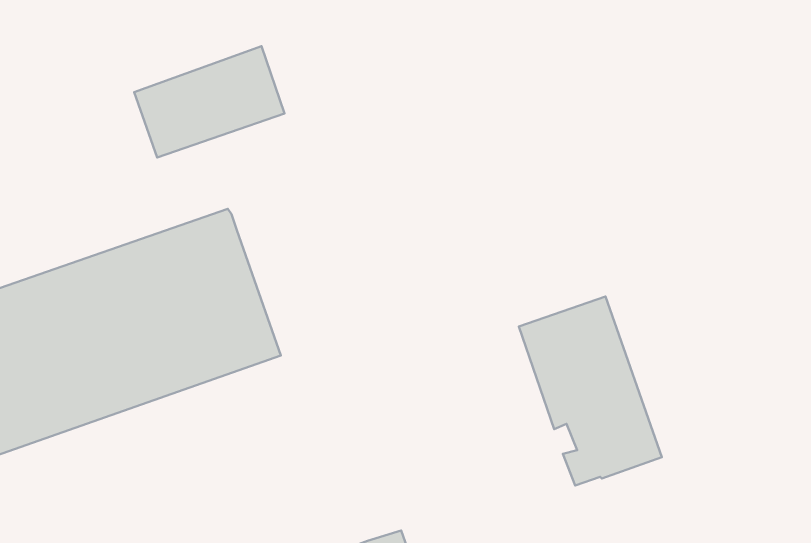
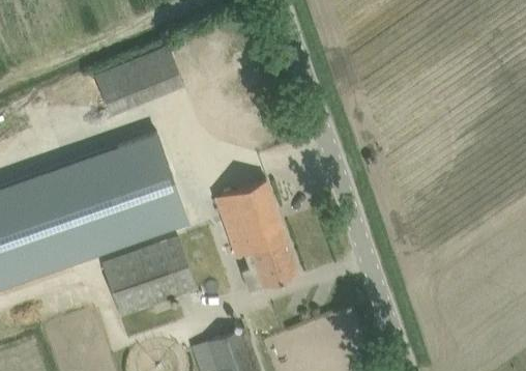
building: [519,297,662,486] -> [216,180,300,291]
building: none -> [103,236,198,319]

